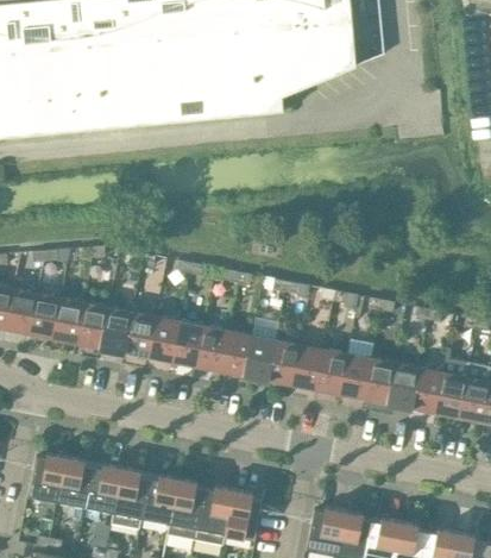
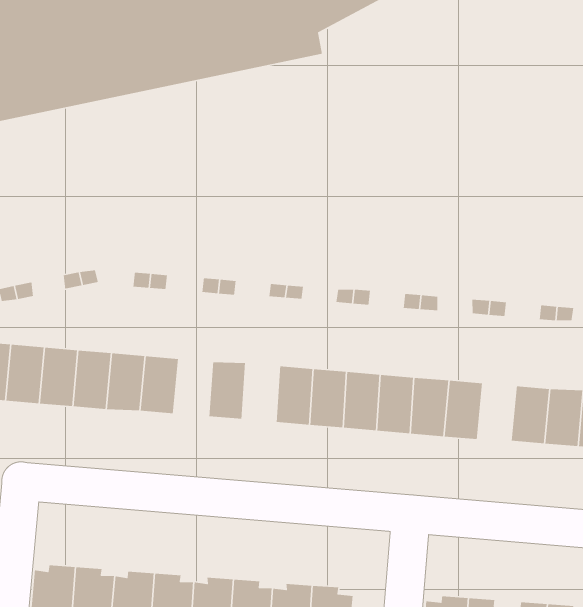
building: [149,318,181,362] -> none
building: [197,326,228,371] -> none
building: [364,359,396,403] -> none

